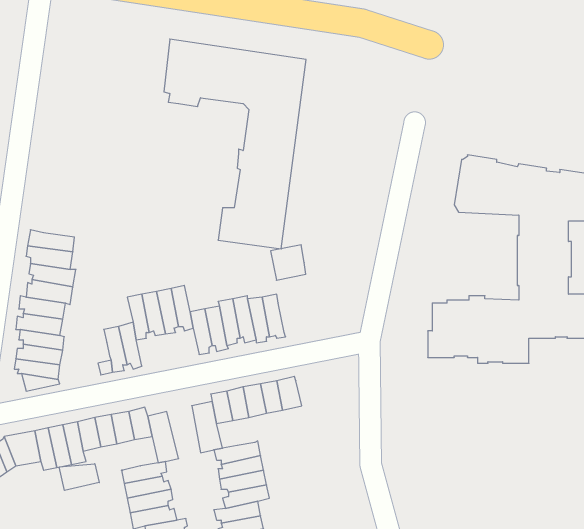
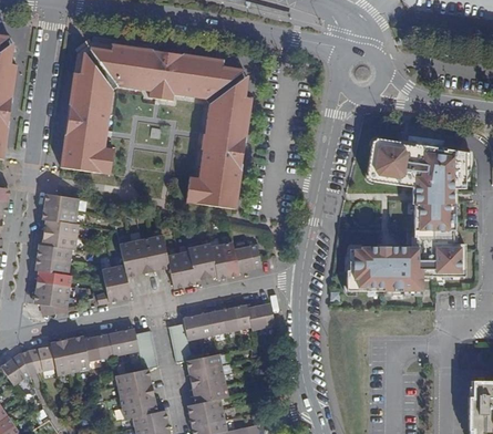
building: none -> [60,44,151,175]
building: [271,245,306,280] -> [233,245,259,271]
building: none -> [246,302,276,330]
building: [59,464,99,490] -> none

